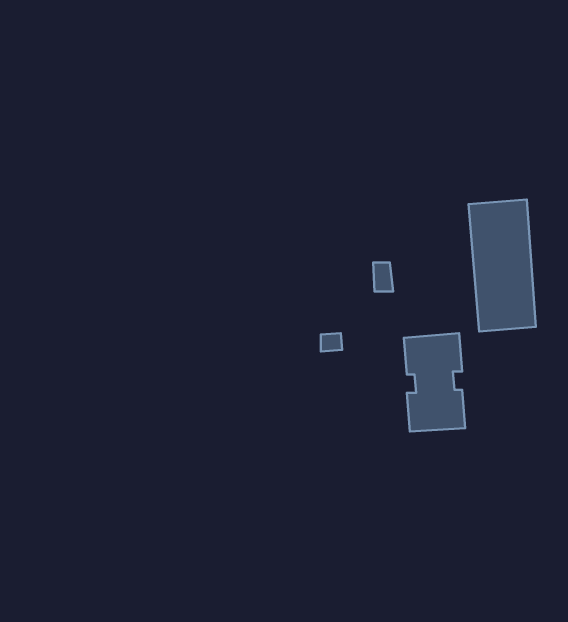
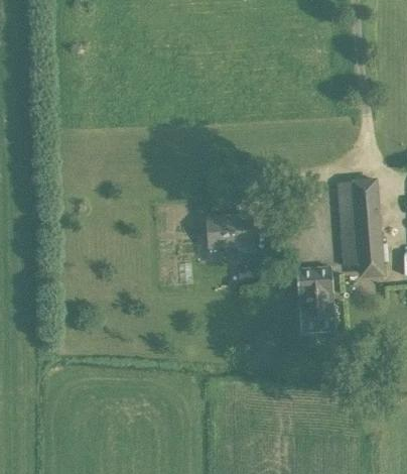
building: none -> [208,215,254,254]

